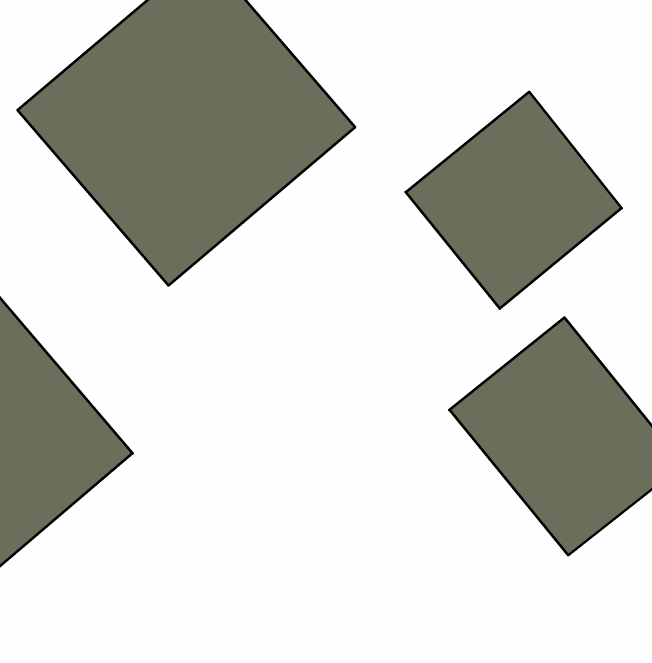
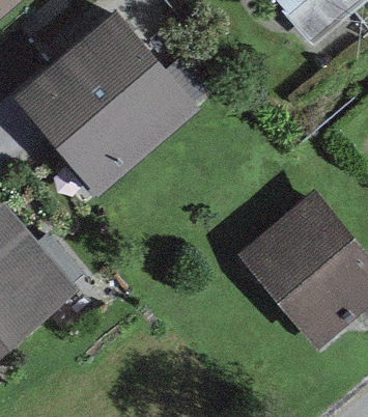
building: [406,92,622,309] -> none

